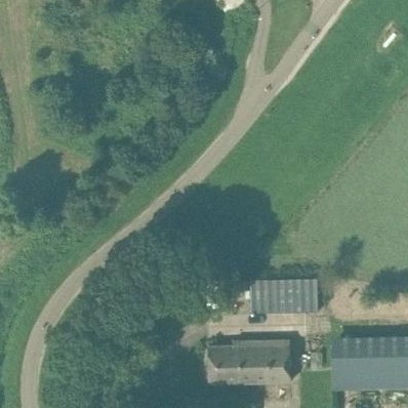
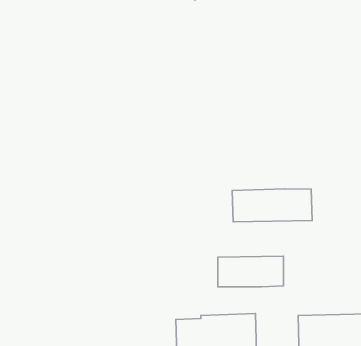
building: none -> [232,189,312,222]

